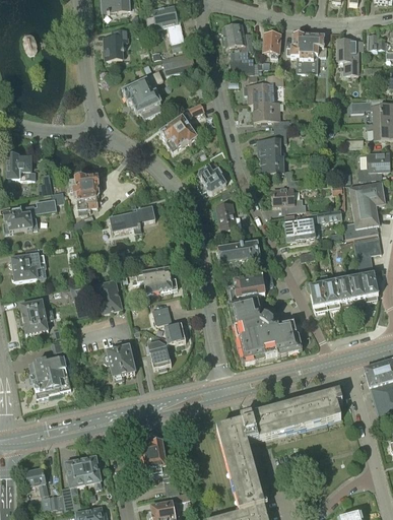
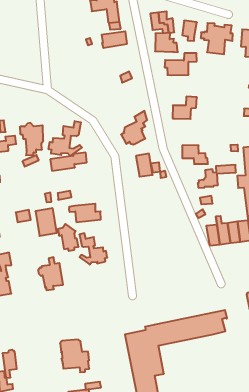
building: [104,28,127,58] -> none
building: [121,69,162,117] -> none
building: [253,100,289,127] -> none
building: [159,116,197,149] -> none
building: [260,154,300,186] -> none
building: none -> [49,121,82,156]
building: [279,213,304,241] -> none
building: [219,241,260,267] -> none
building: [230,273,273,299] -> none
building: [230,299,301,363] -> none
building: [144,336,172,370] -> [58,224,79,251]
building: [80,455,102,488] -> none

